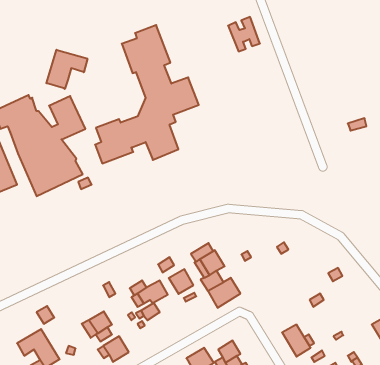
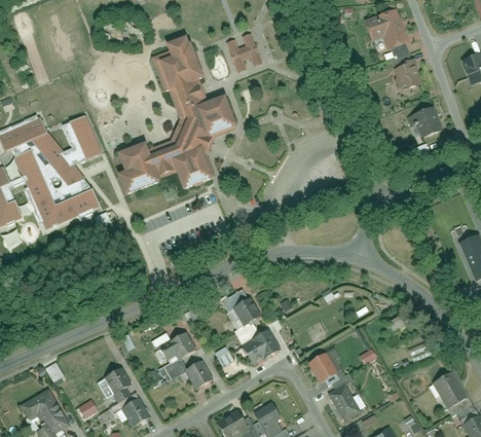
building: none -> [362,13,405,54]
building: [228,17,260,51] -> [225,34,262,74]
building: none -> [386,60,420,94]
building: [46,50,87,89] -> none
building: none -> [404,105,439,140]
building: [169,269,193,294] -> [186,359,215,388]
building: none -> [309,351,339,381]

